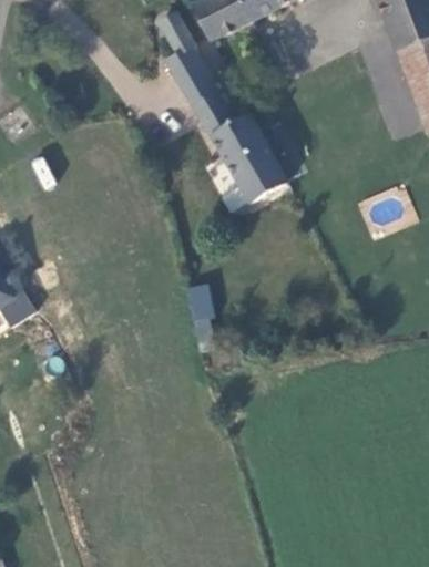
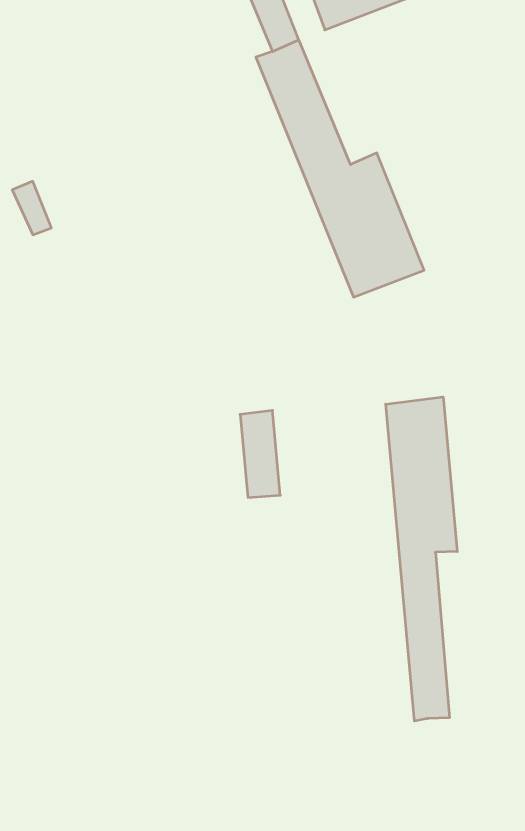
building: none -> [386,397,457,721]

